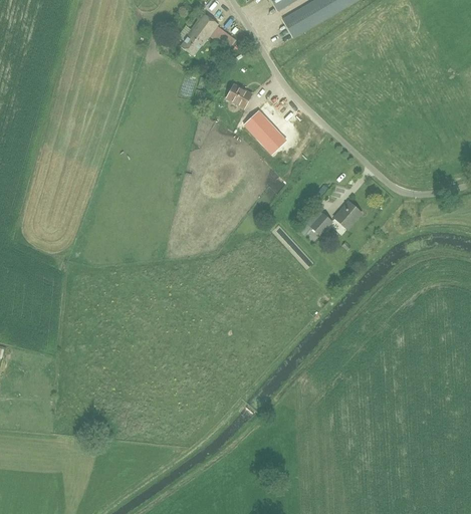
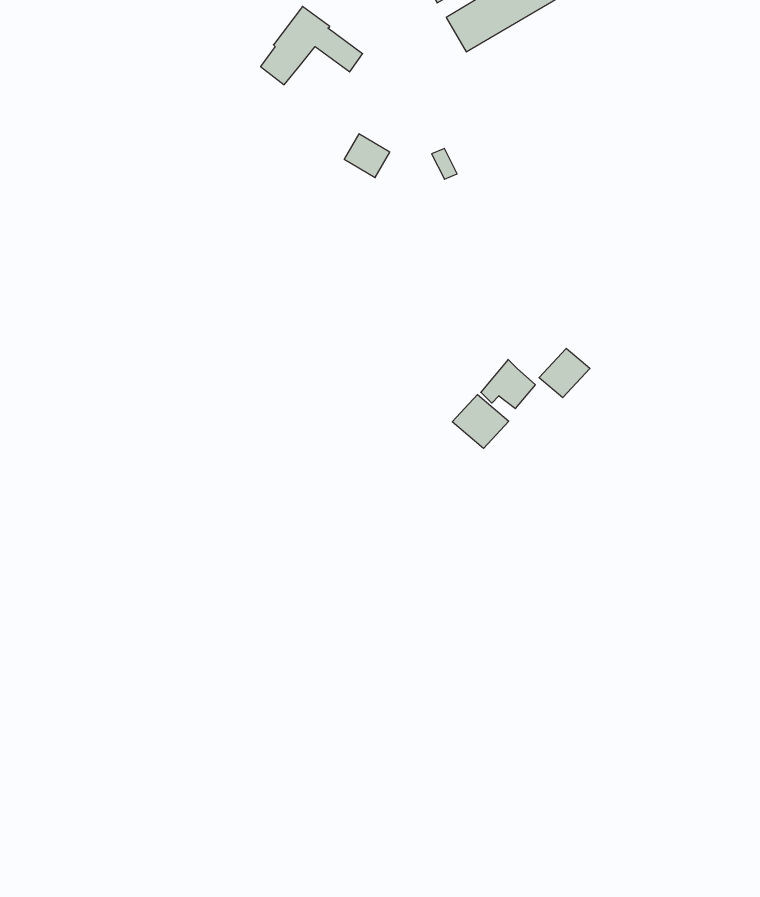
building: [244,110,286,154] -> none
building: none -> [452,395,509,448]

